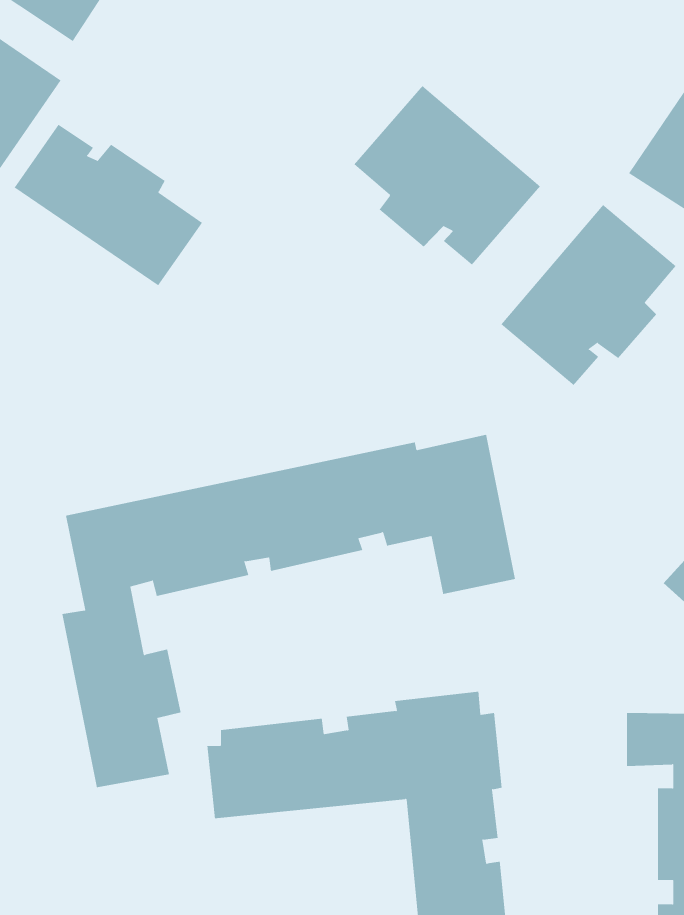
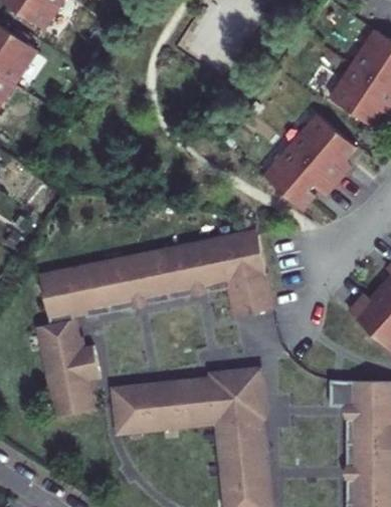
building: [354,85,541,266] -> none
building: [14,124,203,286] -> none

